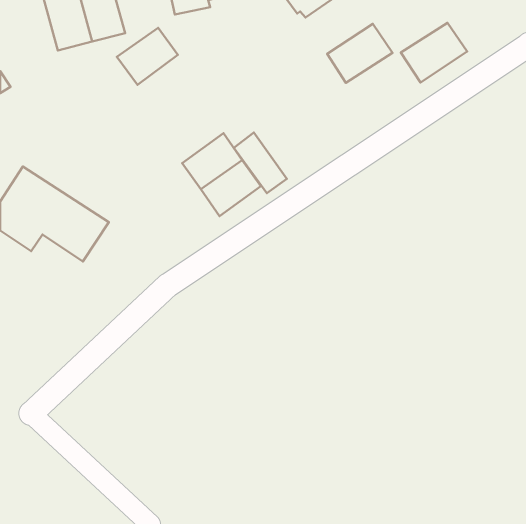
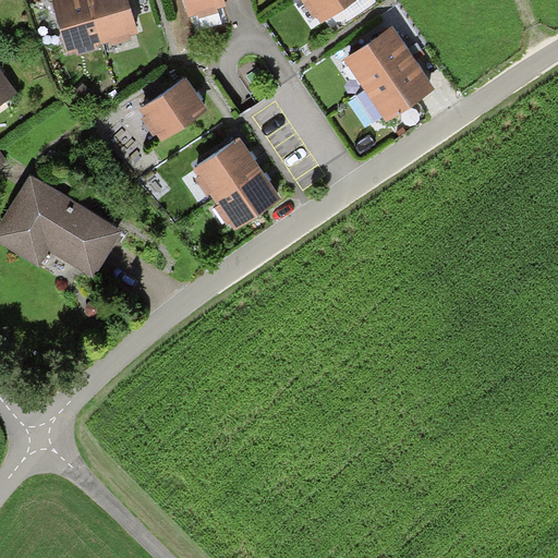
building: [401,23,467,83] -> [367,56,437,119]
building: [117,28,178,85] -> [140,80,204,140]
building: [234,133,287,193] -> none

